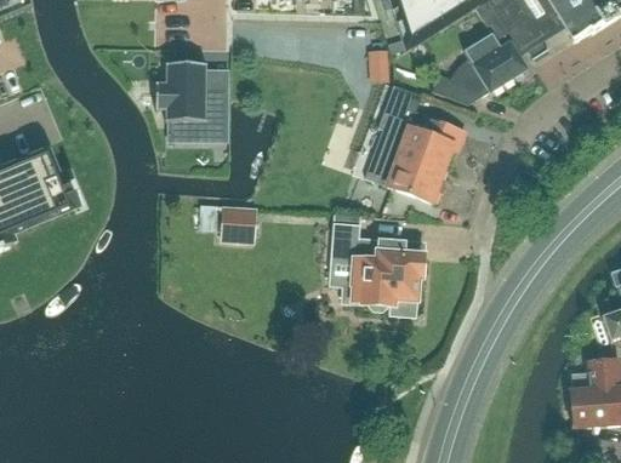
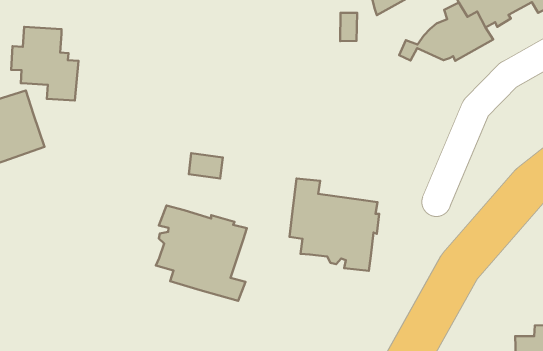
building: [156,63,226,136] -> [11,27,79,101]
building: [369,84,463,200] -> none
building: none -> [156,205,247,301]

